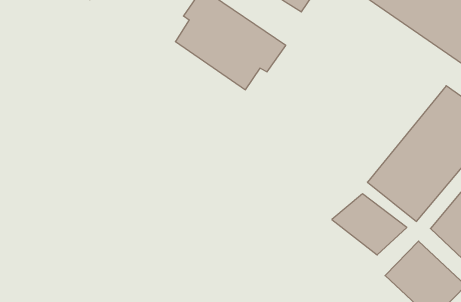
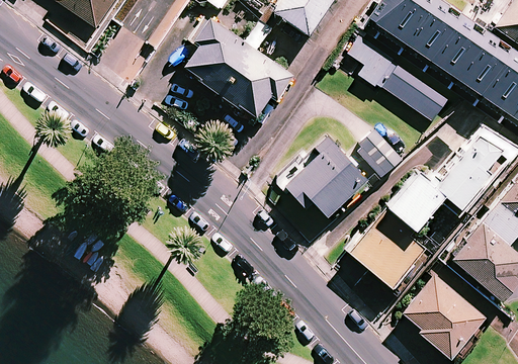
building: none -> [336,34,446,118]
building: none -> [354,129,401,176]
building: none -> [279,136,368,223]

